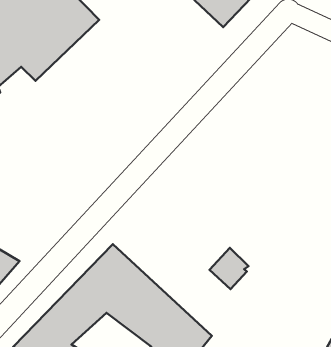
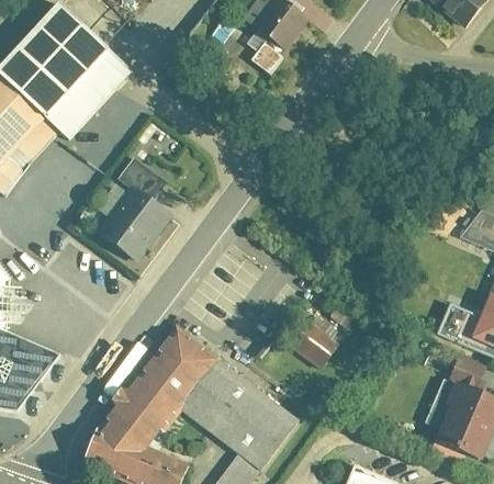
building: none -> [91,156,167,262]

